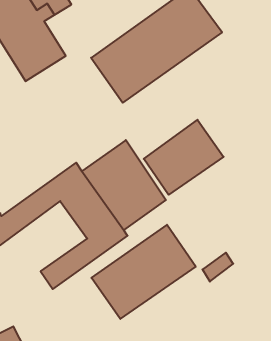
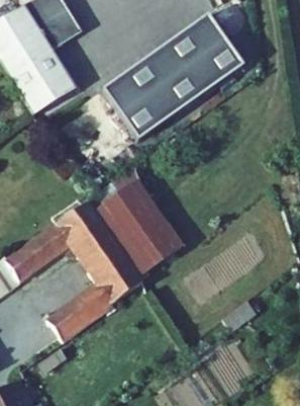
building: [144,120,224,195] -> none
building: [91,225,196,319] -> none

